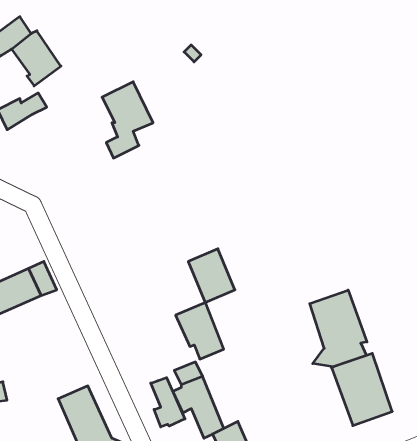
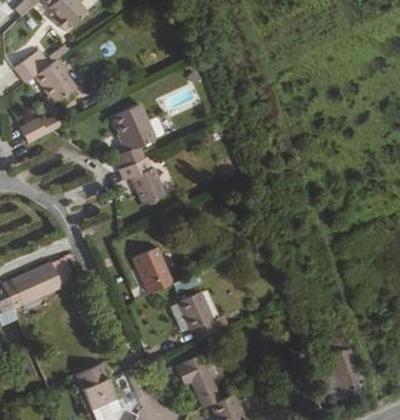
building: none -> [121,155,168,203]
building: [188,249,235,303] -> [132,249,172,295]
building: [310,290,367,367] -> none
building: [151,378,185,427] -> none

